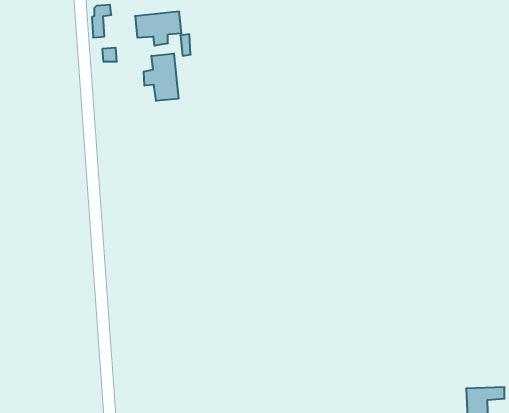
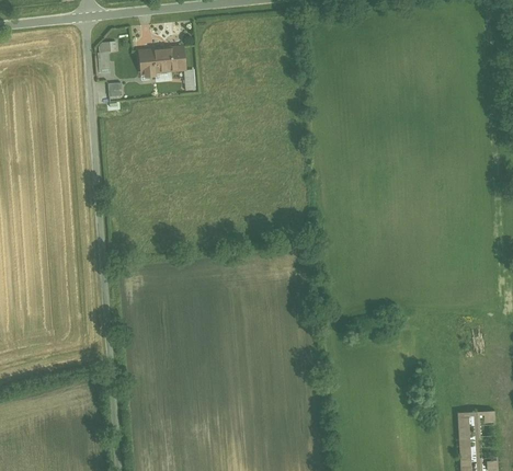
building: [144,53,178,101] -> none

